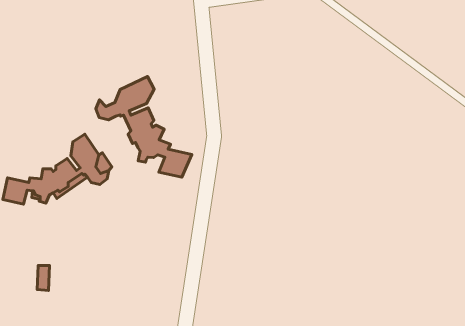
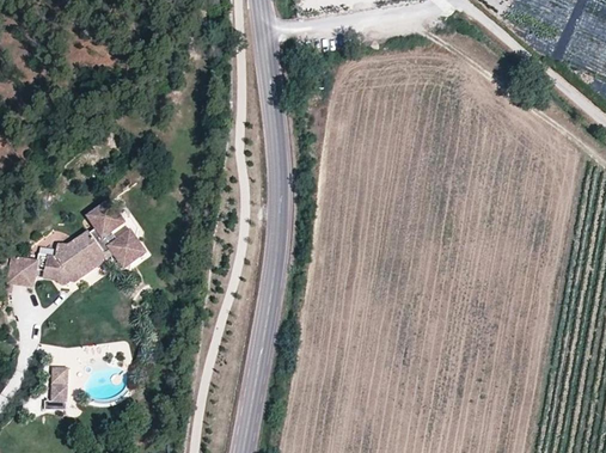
building: [96,77,192,177] -> none

